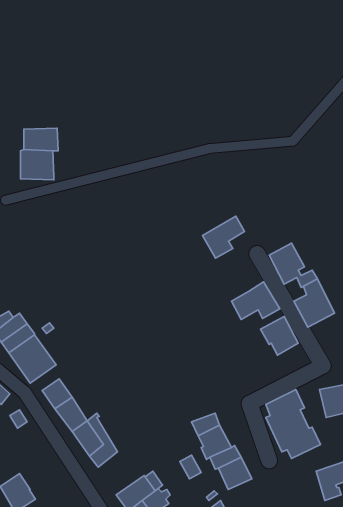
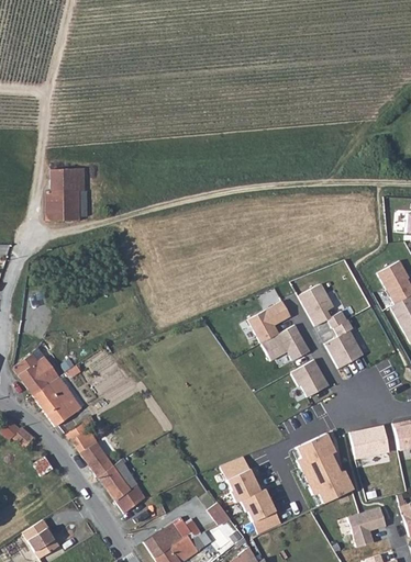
building: [203,216,245,258] -> [247,300,290,342]

